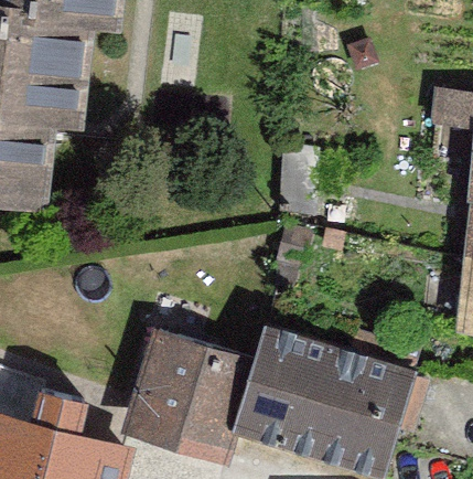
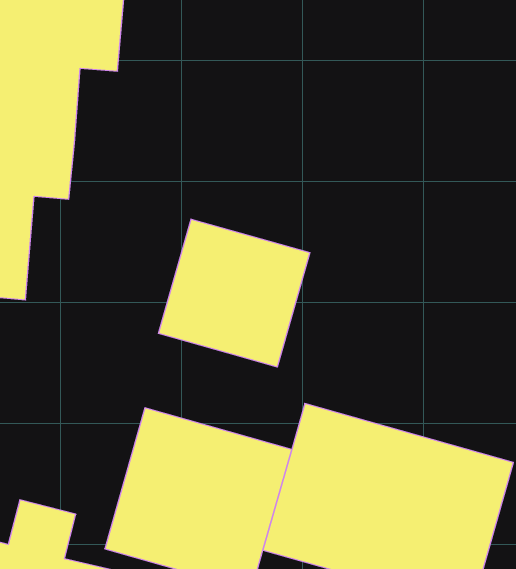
building: none -> [158,219,310,367]

